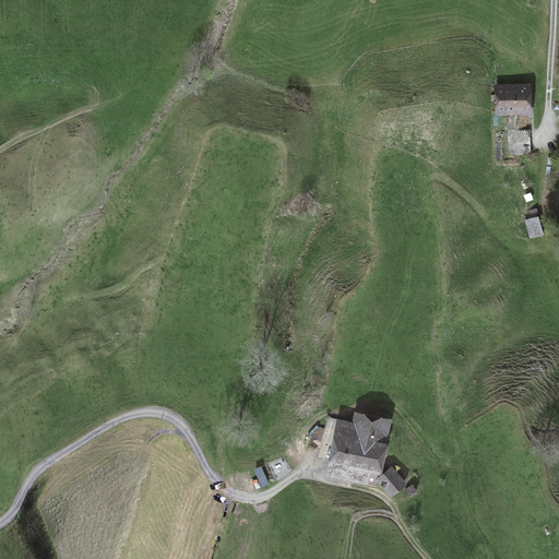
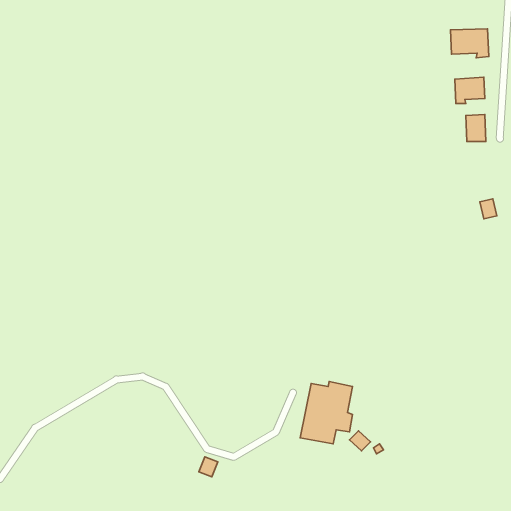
building: none -> [450,29,489,58]

